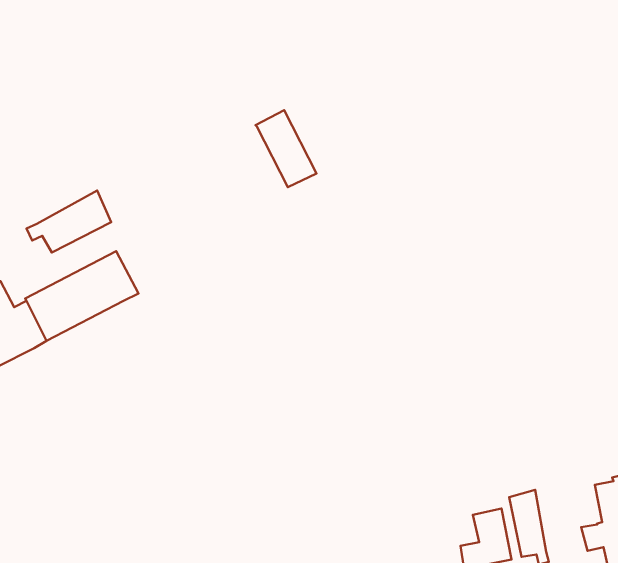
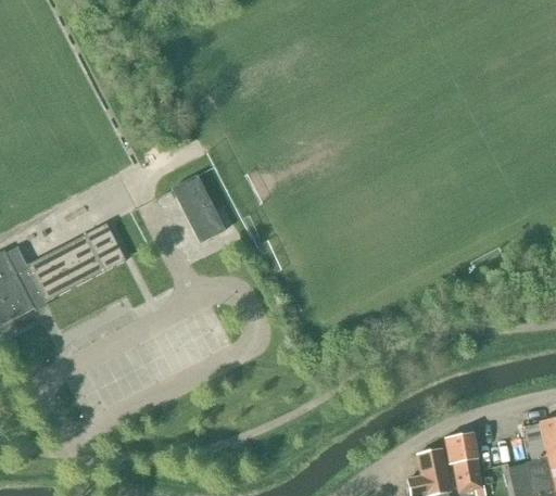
building: [256,110,316,187] -> [173,175,226,242]
building: [27,190,111,252] -> none

